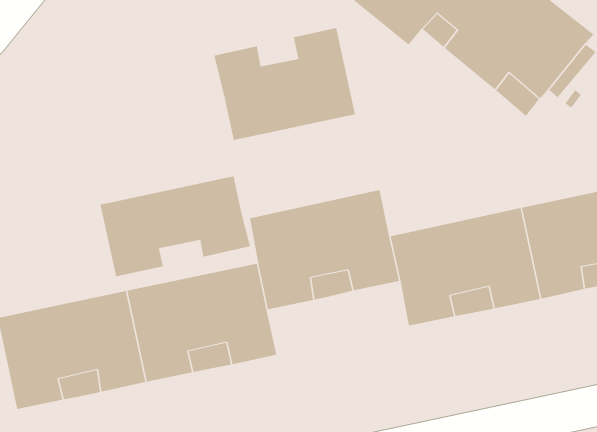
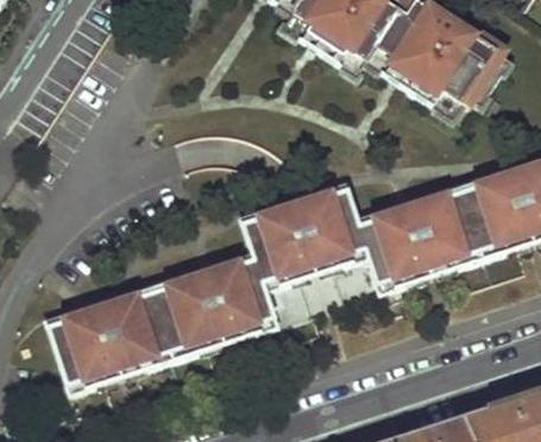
building: [214,27,356,141] -> none
building: [100,176,251,277] -> none

